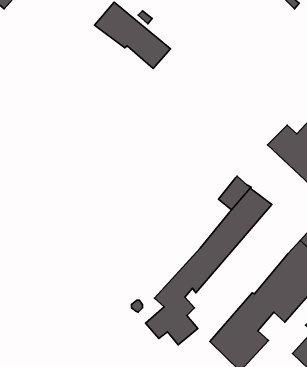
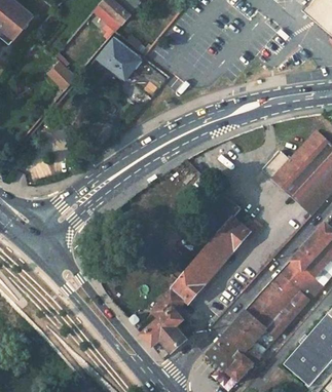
building: none -> [47,63,75,91]

